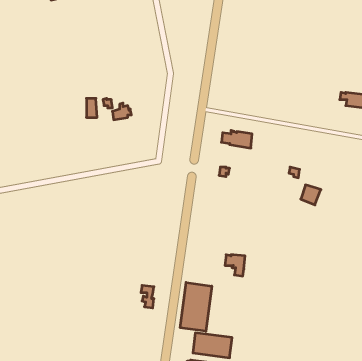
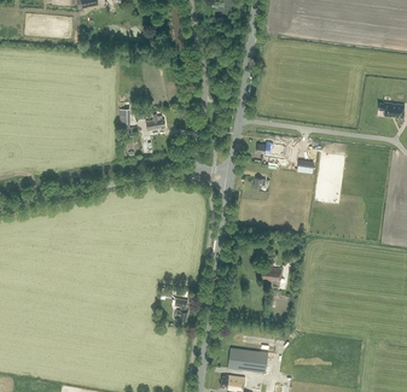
building: [180,282,212,331] -> none

